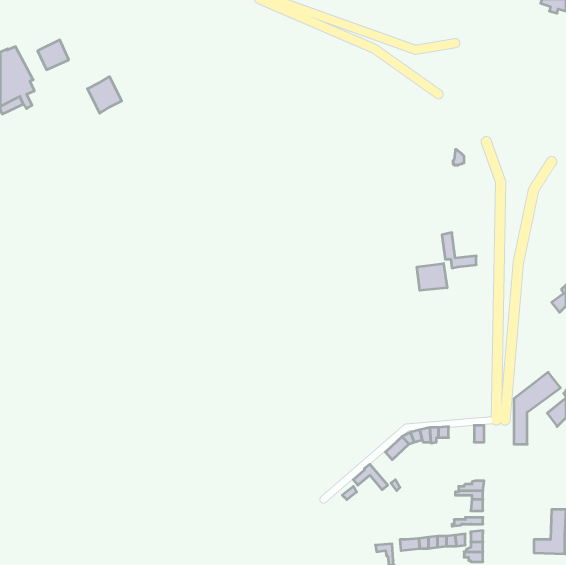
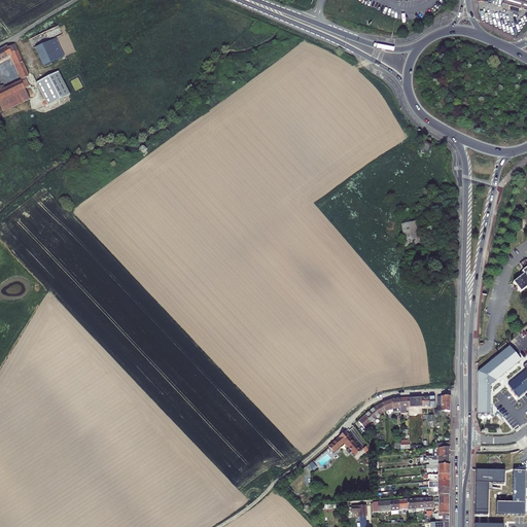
building: [87,77,122,113] -> [37,72,69,106]
building: [417,263,447,290] -> none
building: none -> [475,469,504,511]

